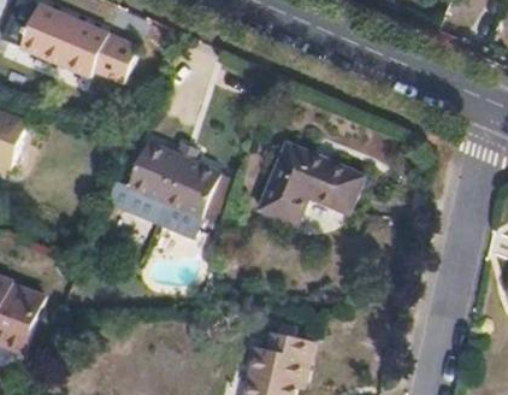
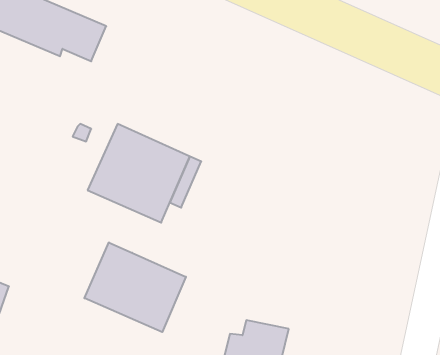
building: [260,142,365,220] -> none
building: none -> [84,242,186,332]

